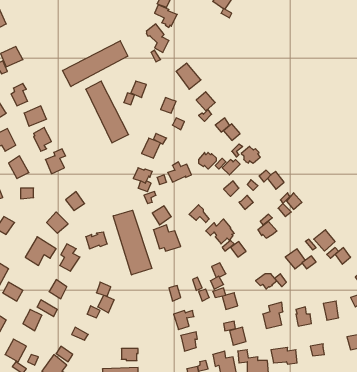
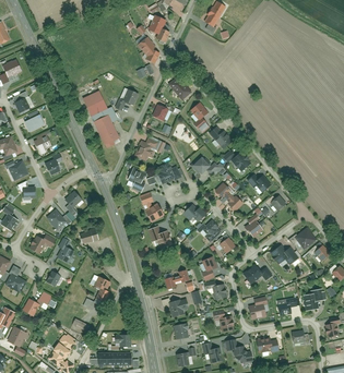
building: [63,41,128,87] -> none
building: [113,210,152,275] -> none

